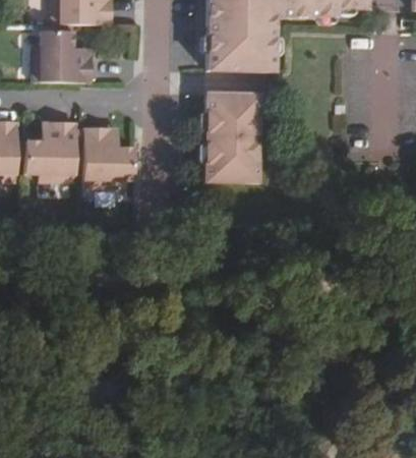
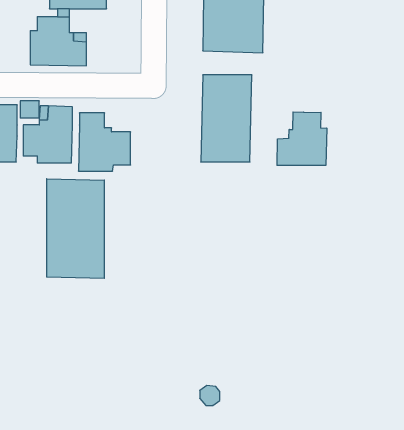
building: none -> [277,112,327,165]
building: none -> [47,179,104,278]

